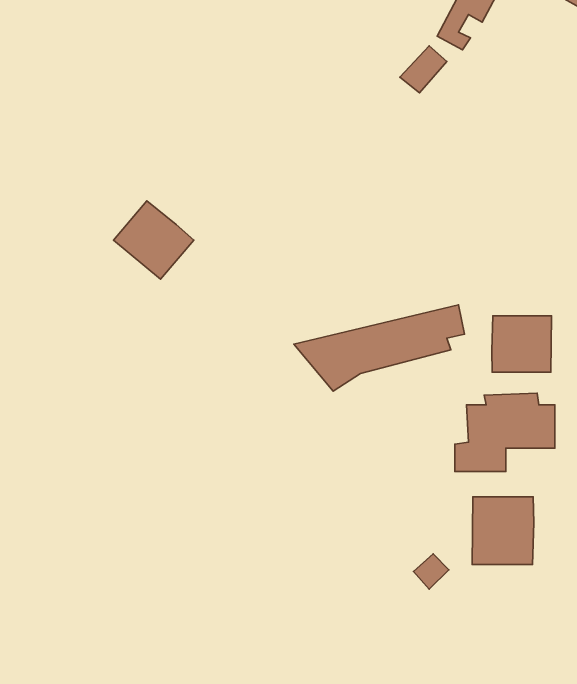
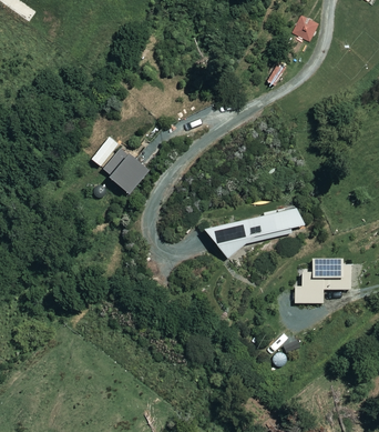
building: [492,316,551,372] -> none
building: [472,497,534,564] -> none

